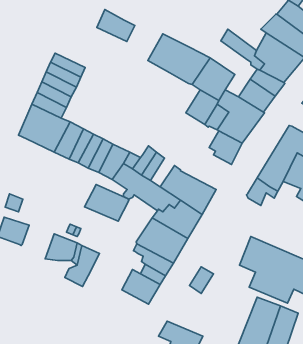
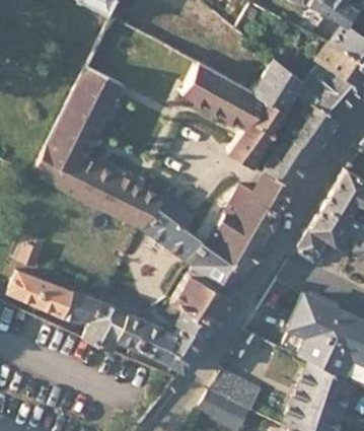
building: [97,10,135,42] -> [78,66,122,102]
building: none -> [254,72,295,111]
building: none -> [221,187,279,241]
building: [84,185,129,221] -> [116,314,166,356]
building: none -> [41,282,77,320]
building: none -> [206,371,257,409]

